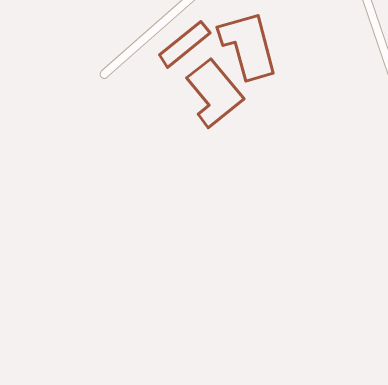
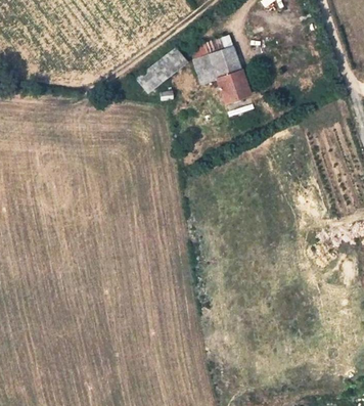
building: [186,59,244,128] -> none

